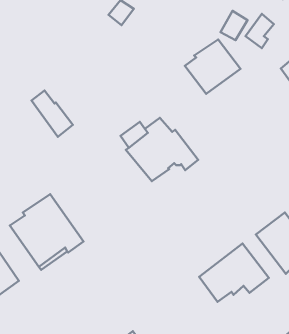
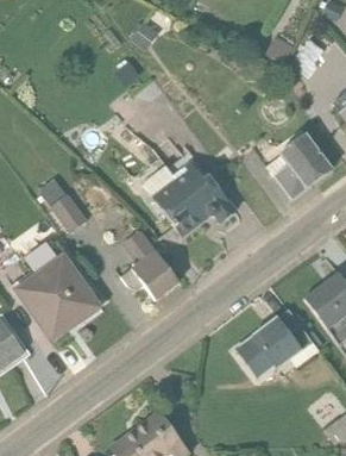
building: [185,40,240,94] -> [268,133,333,198]
building: [31,90,73,137] -> [39,179,88,233]
building: none -> [121,230,178,299]

